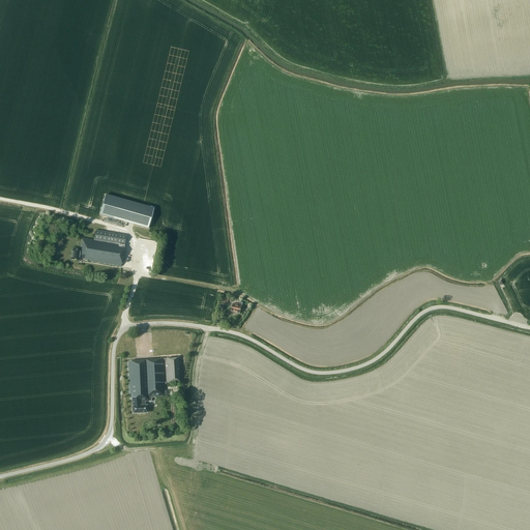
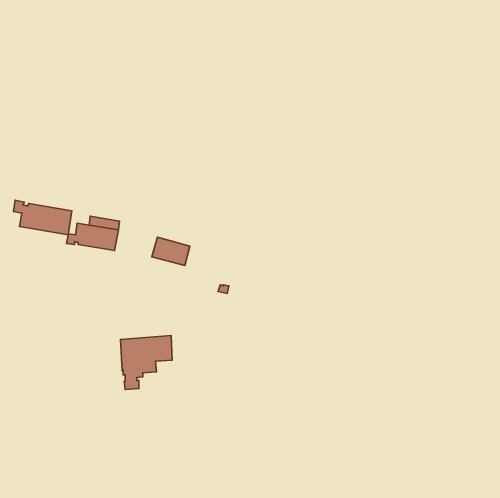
building: [113,197,153,227] -> [152,237,190,266]
building: none -> [14,200,72,235]

